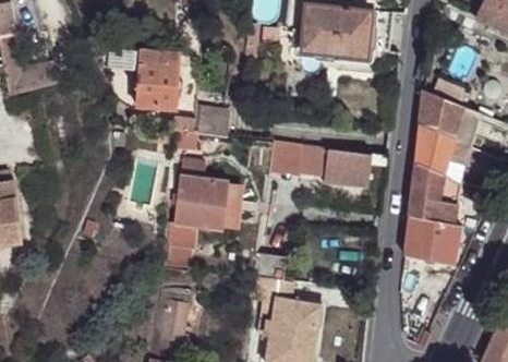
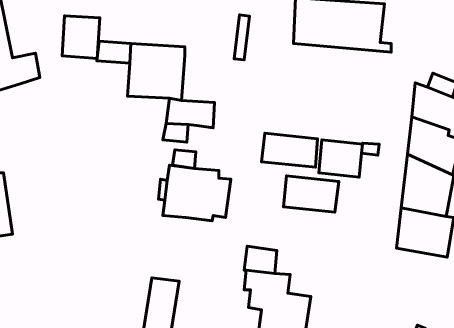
building: none -> [62,16,100,59]
building: none -> [283,176,339,212]
building: [161,224,194,272] -> none

